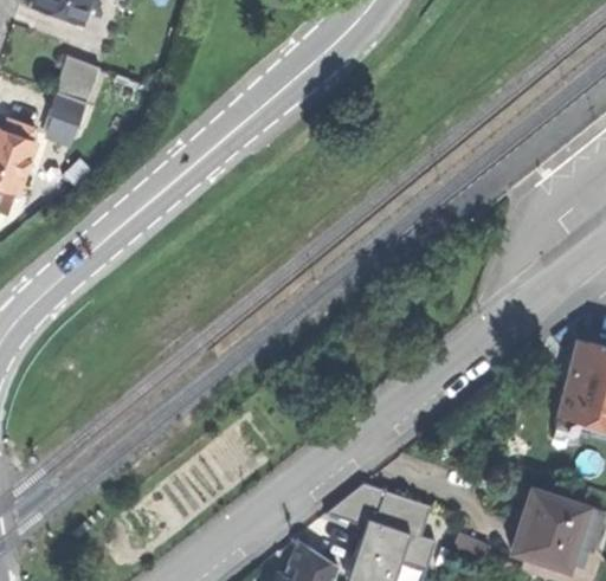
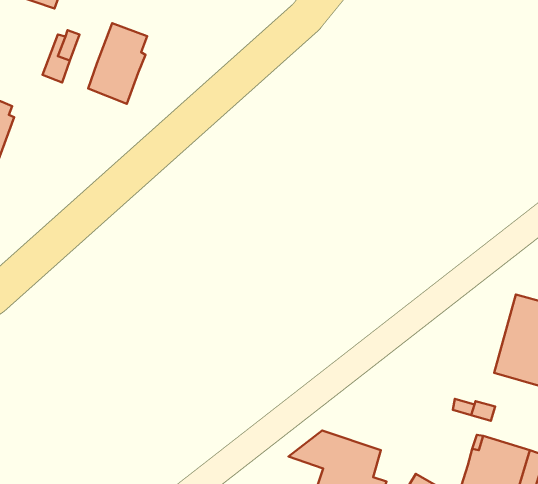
building: none -> [88,23,147,104]
building: [43,96,83,147] -> none

